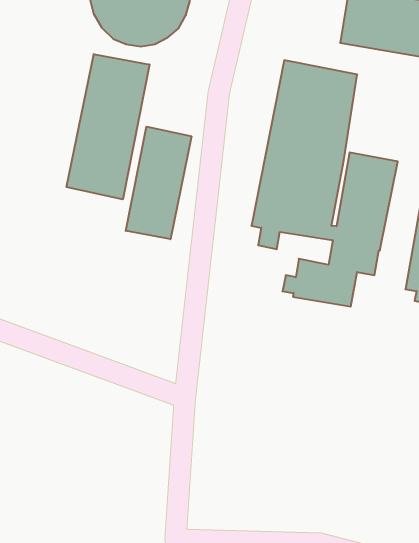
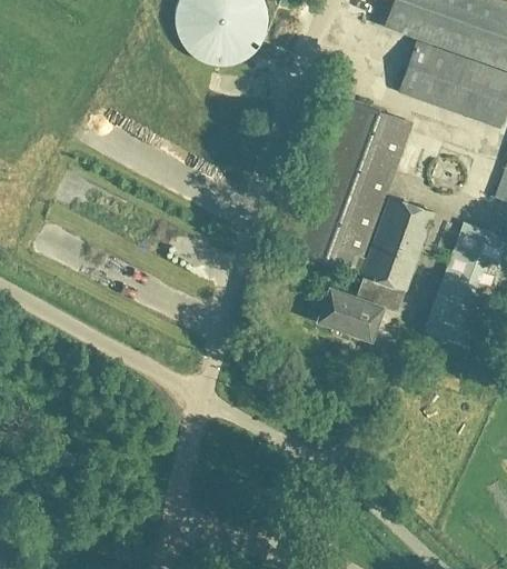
building: [67,54,150,199] -> none
building: [126,127,191,239] -> none

